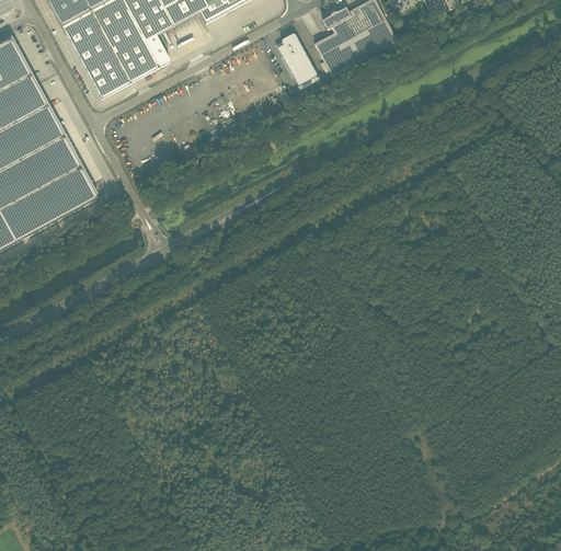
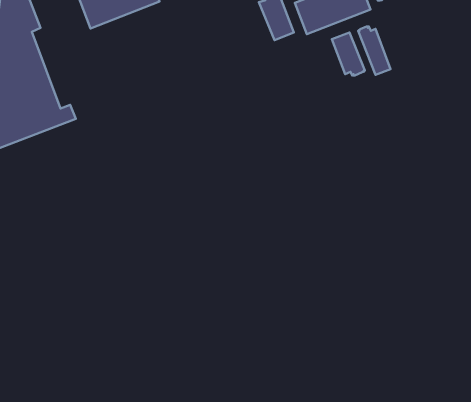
building: none -> [358,26,391,75]
building: none -> [332,32,365,76]

